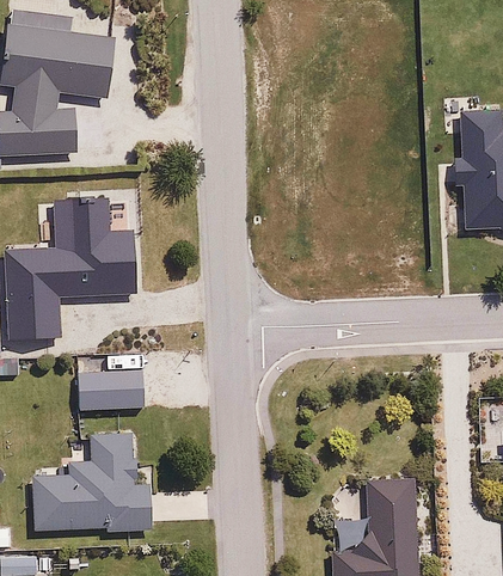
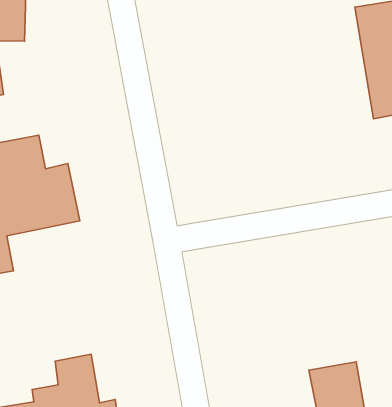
building: [76,369,146,411] -> none

